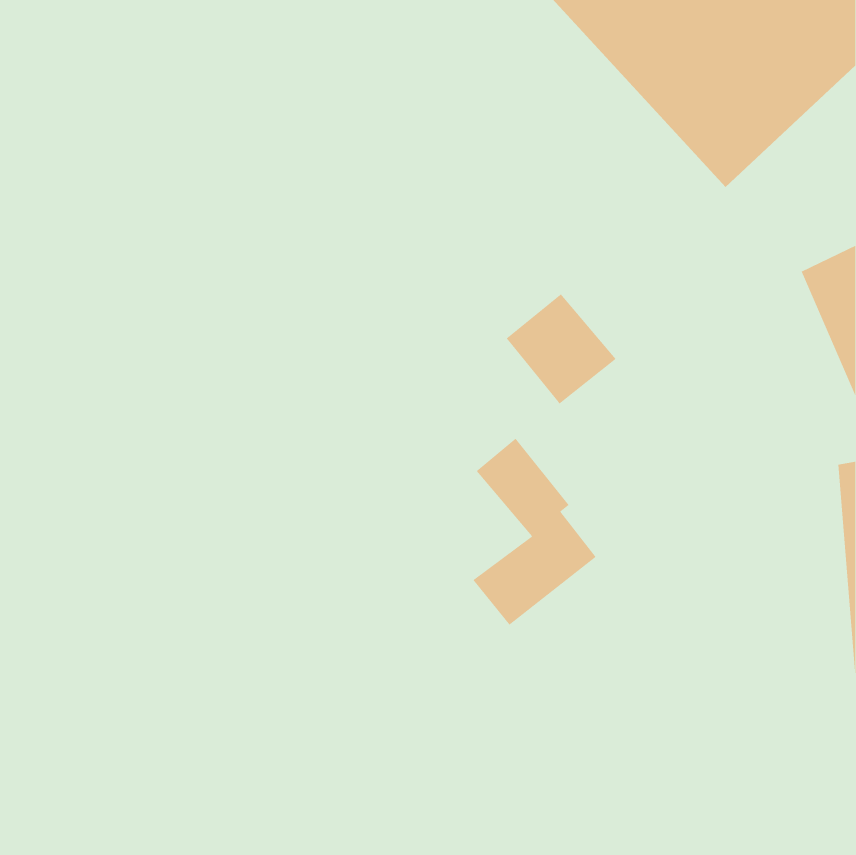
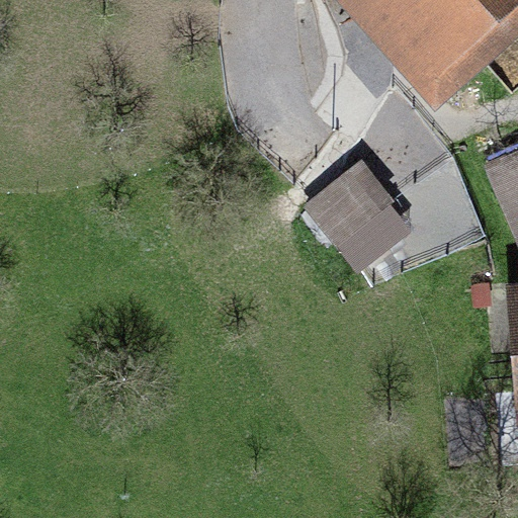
building: [472,438,596,625] -> [337,157,412,270]

